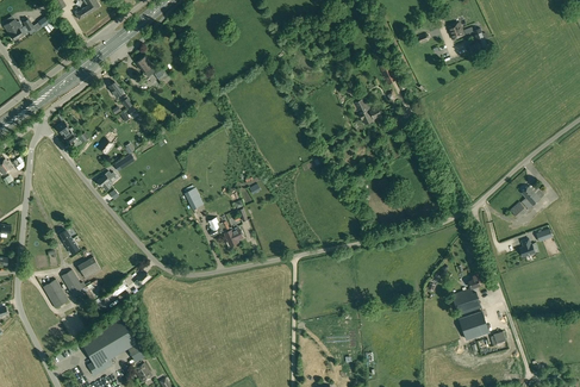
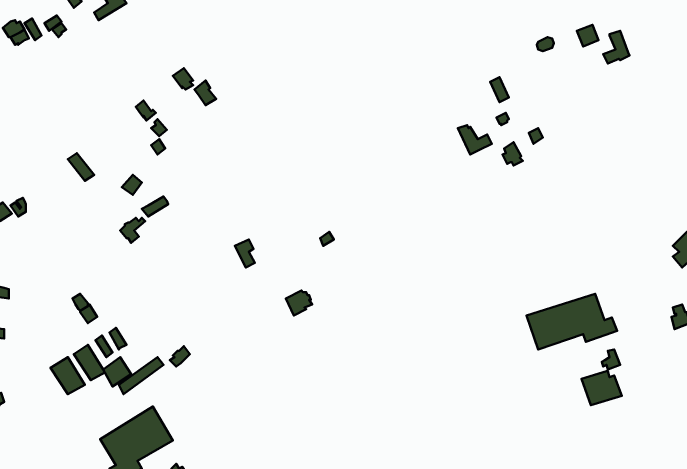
building: none -> [526,294,617,350]
building: [459,311,488,339] -> none

